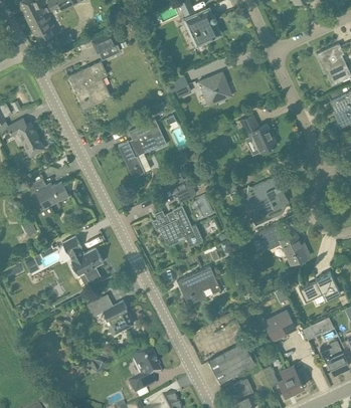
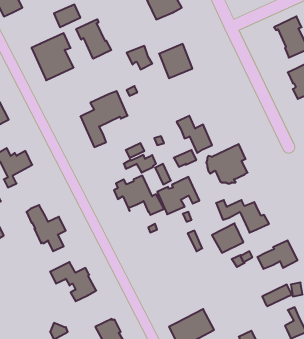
building: none -> [76,19,111,59]
building: [239,115,276,153] -> [177,116,212,153]
building: [177,266,220,304] -> [157,177,199,214]
building: [264,310,296,340] -> [212,223,243,253]

